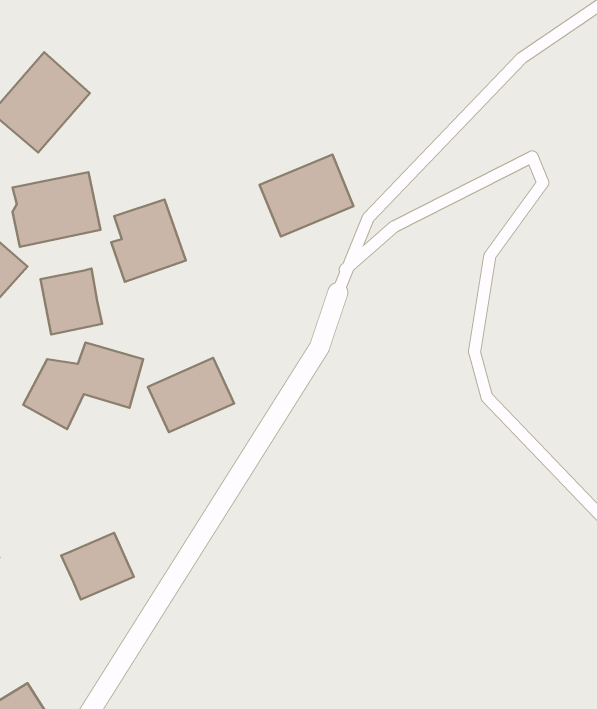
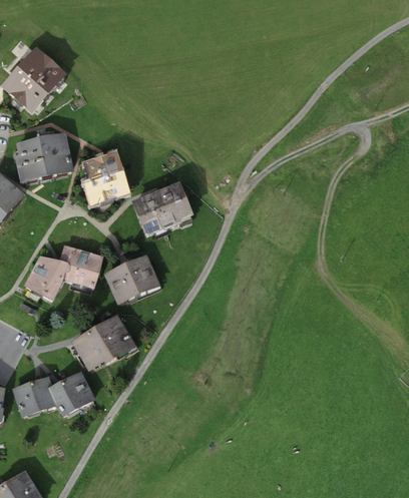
building: [259,154,354,237] -> [131,182,193,236]
building: [41,269,102,334] -> none
building: none -> [71,315,137,371]
building: none -> [11,374,55,416]

